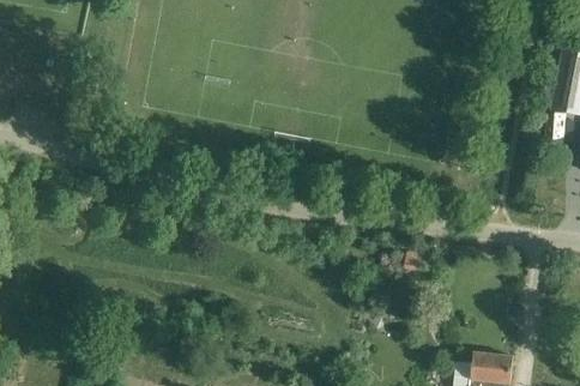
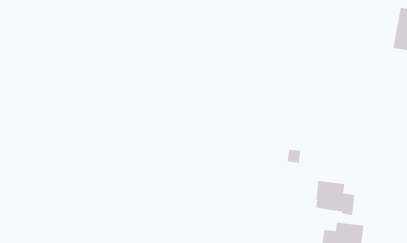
building: none -> [316,180,355,216]

